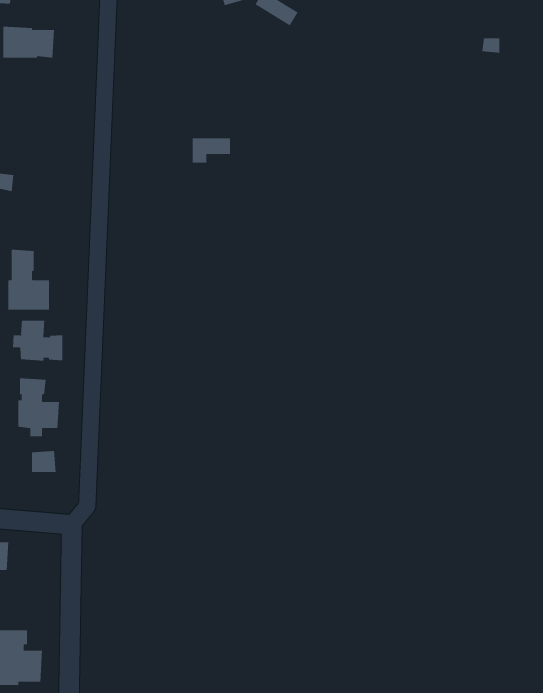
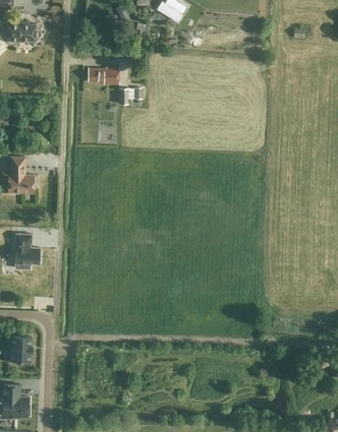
building: none -> [88,68,119,85]
building: [12,320,63,362] -> none
building: none -> [11,336,32,362]

